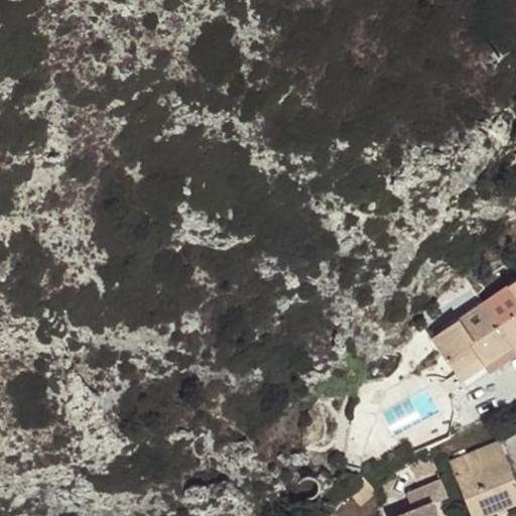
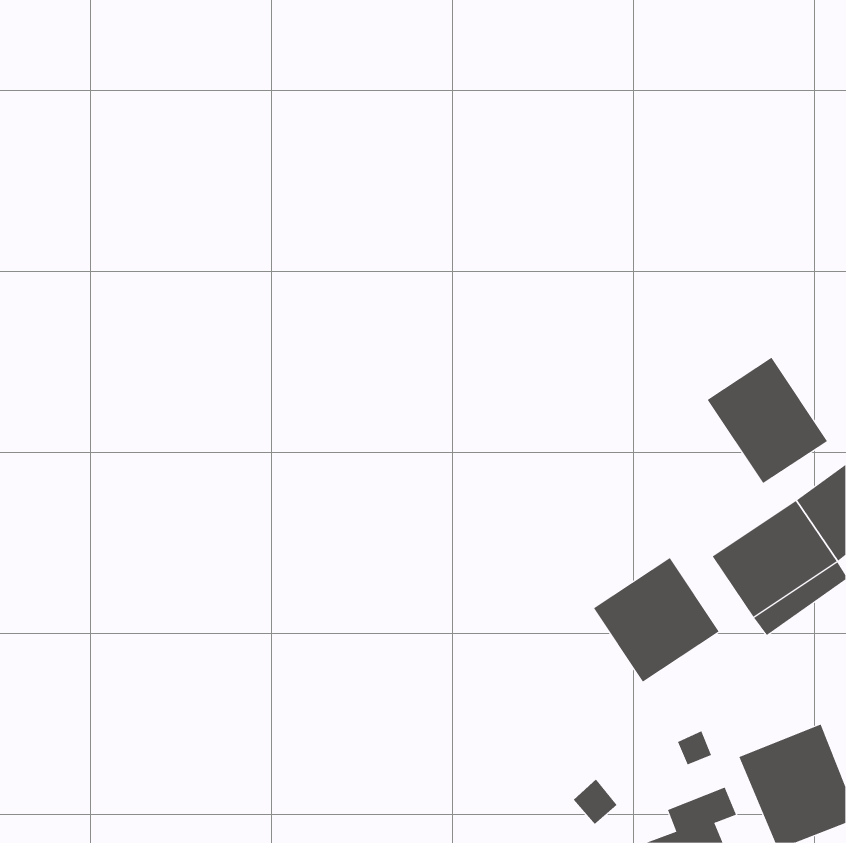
building: none -> [707,357,828,484]
building: none -> [593,557,720,683]

